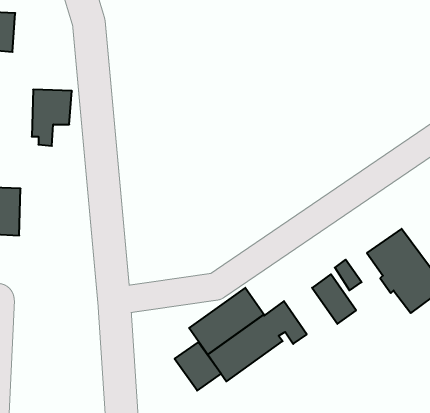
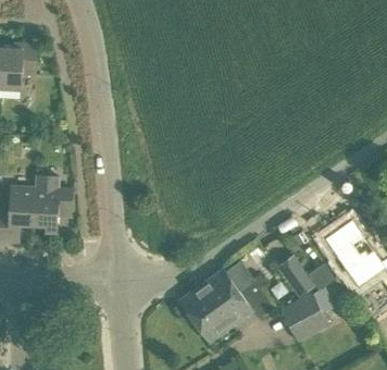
building: [32,90,72,146] -> [40,187,73,233]
building: none -> [282,294,328,340]
building: [175,342,221,391] -> none

